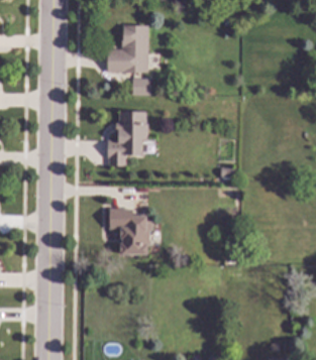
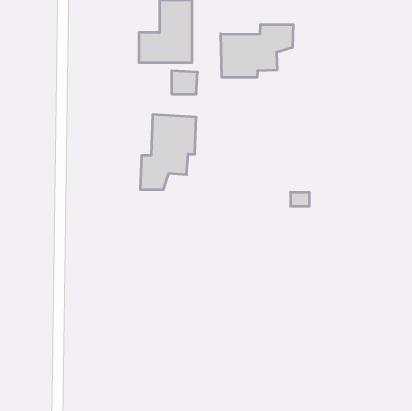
building: none -> [221,25,293,77]
building: [108,209,147,254] -> none

